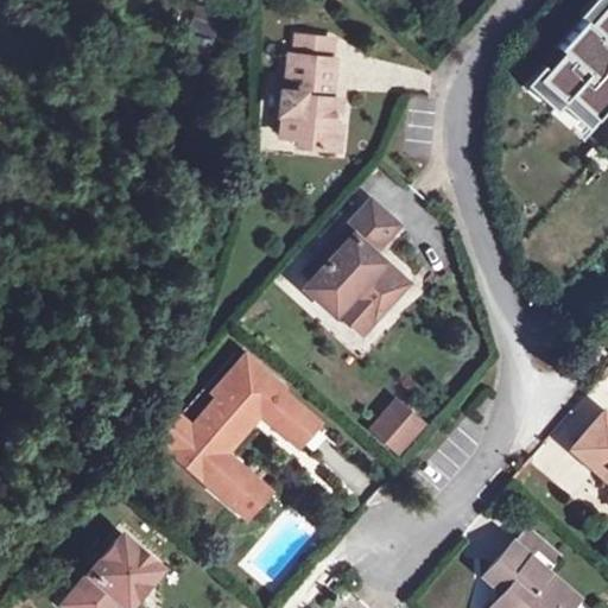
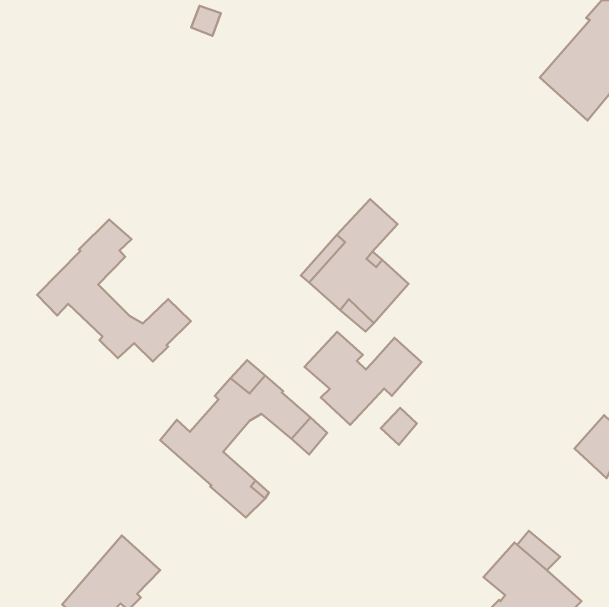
building: [278,37,340,150] -> none
building: none -> [37,220,191,362]
building: none -> [304,332,421,425]

